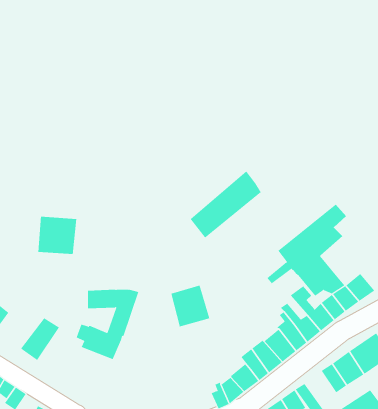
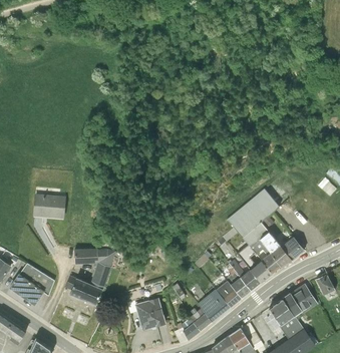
building: [190,171,262,238] -> none
building: [170,285,210,327] -> [133,303,165,337]
building: none -> [6,269,37,302]

